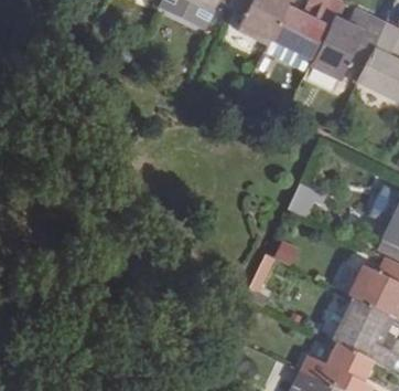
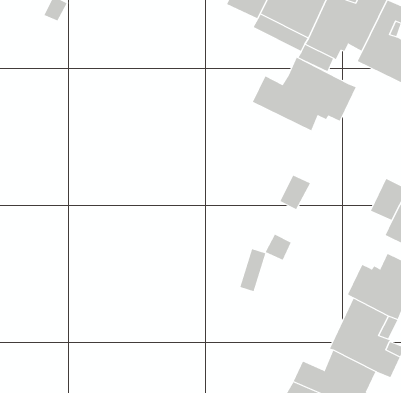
building: none -> [252,57,356,131]

